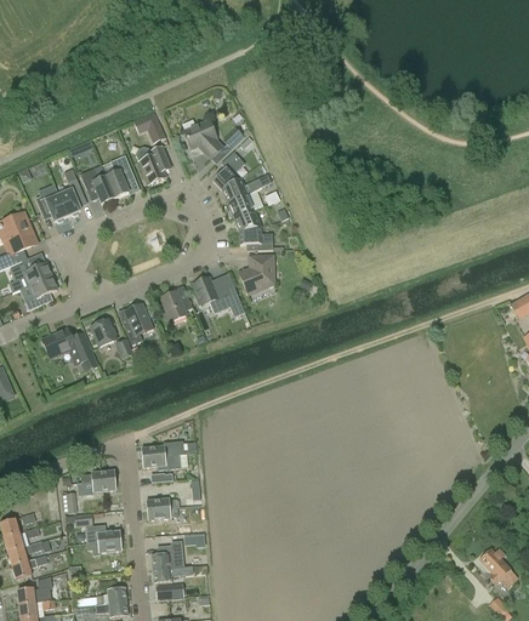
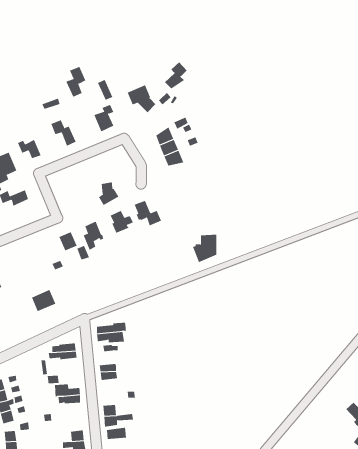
building: [212,152,244,189] -> [164,61,187,89]
building: [106,155,133,198] -> [66,66,86,98]
building: [58,169,83,216] -> none
building: [239,226,273,250] -> none
building: none -> [98,182,119,206]
building: [239,255,273,294] -> [192,234,217,263]
building: [23,275,57,309] -> none
building: [41,327,75,358] -> [31,289,56,312]

